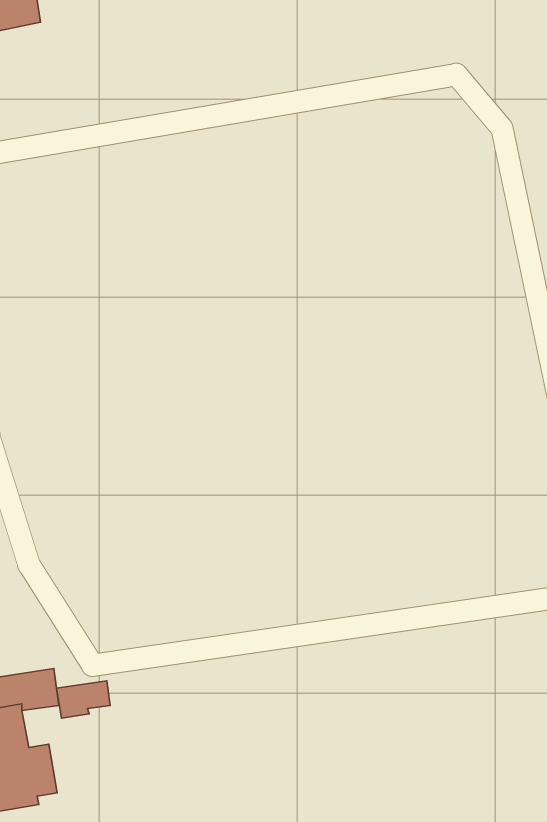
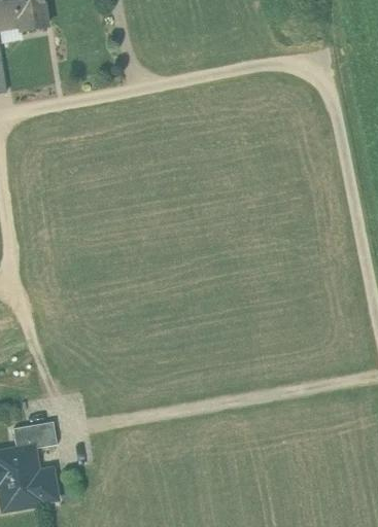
building: [57,681,110,718] -> none

